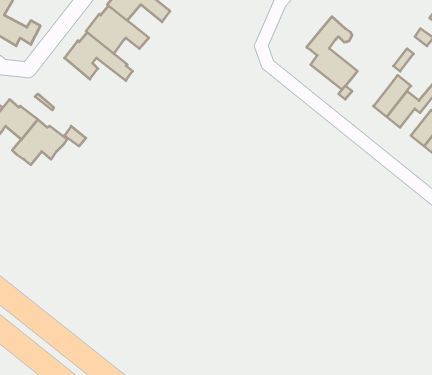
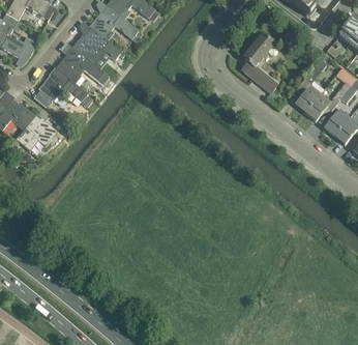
building: none -> [38,67,88,102]

